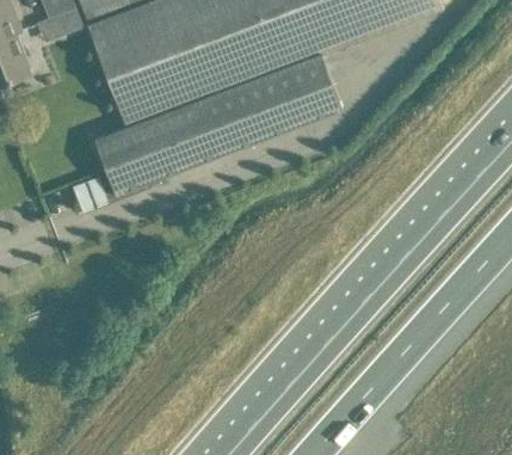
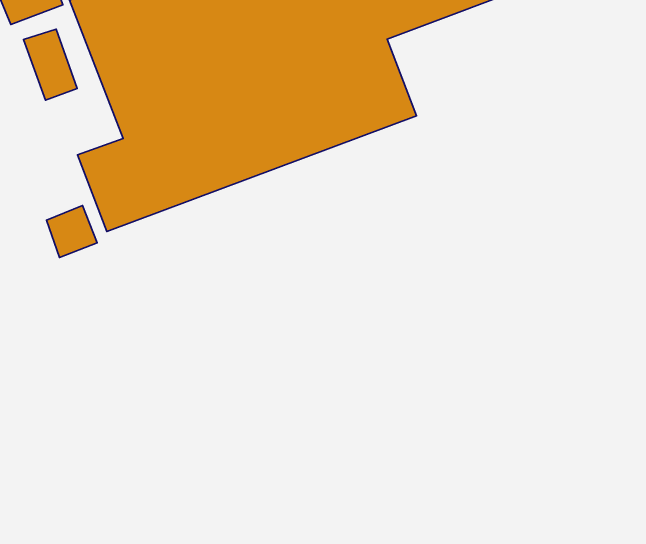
building: none -> [23,29,77,100]

